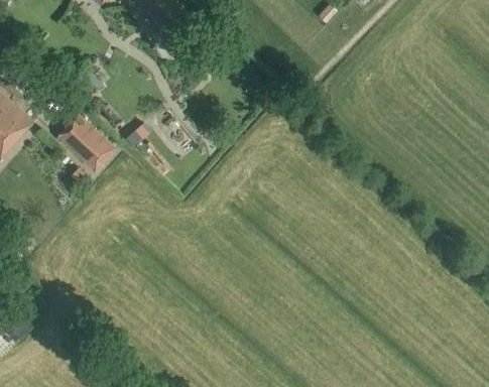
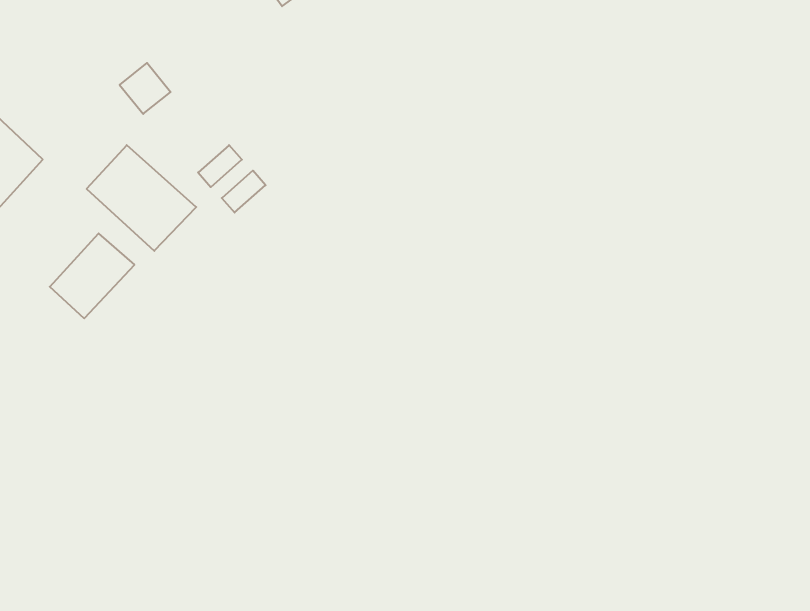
building: none -> [50,233,134,318]

